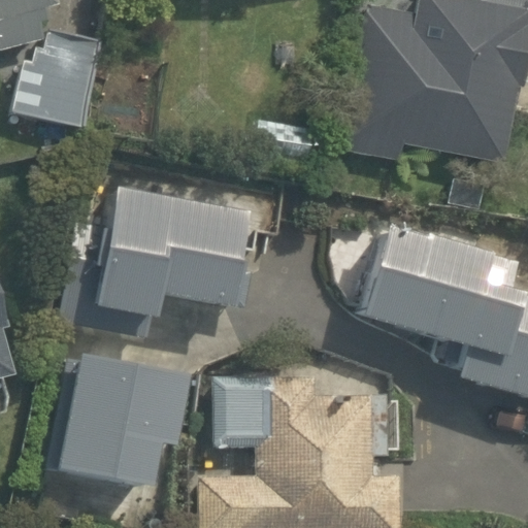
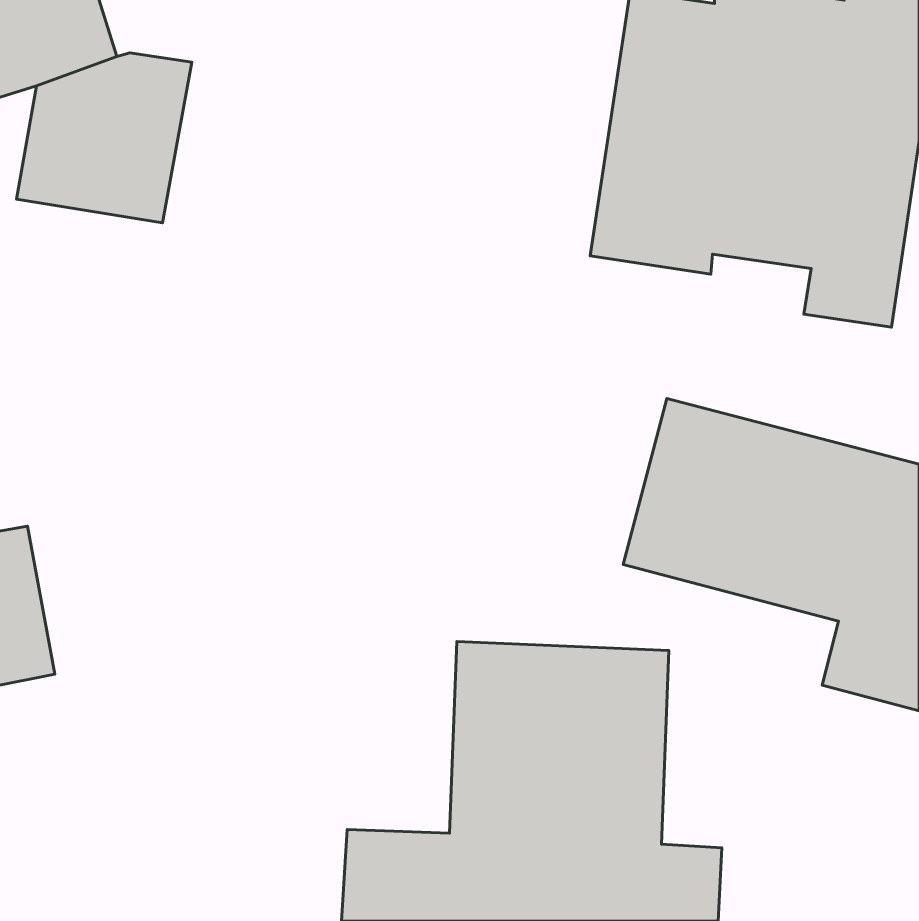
building: [98,197,256,326] -> none
building: [54,339,192,498] -> none

